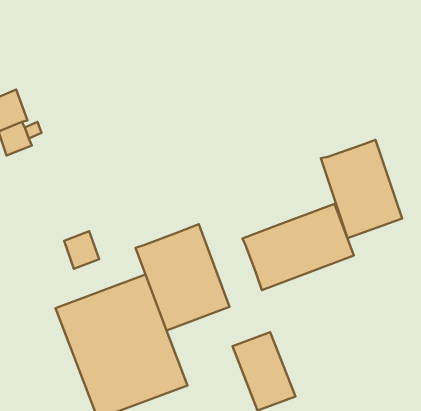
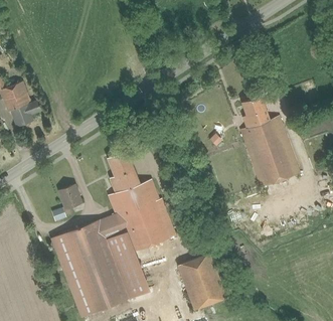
building: none -> [241,95,270,129]
building: none -> [106,149,139,192]
building: [243,204,354,290] -> none

